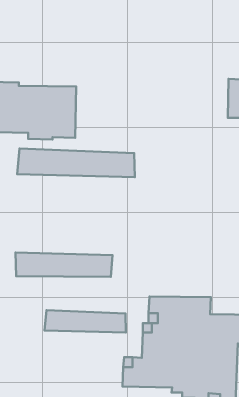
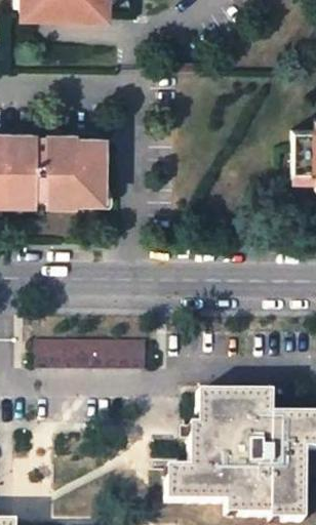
building: [17,148,135,177] -> none
building: [45,310,126,333] -> none

